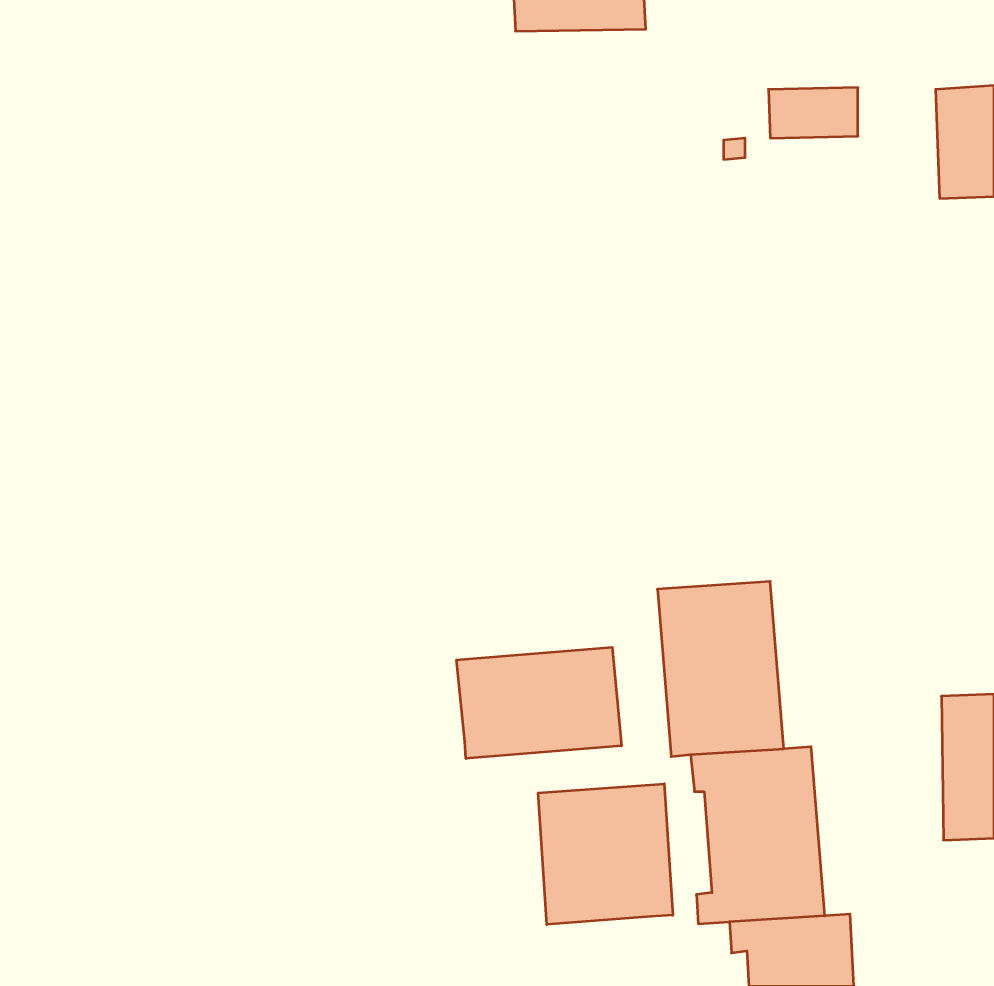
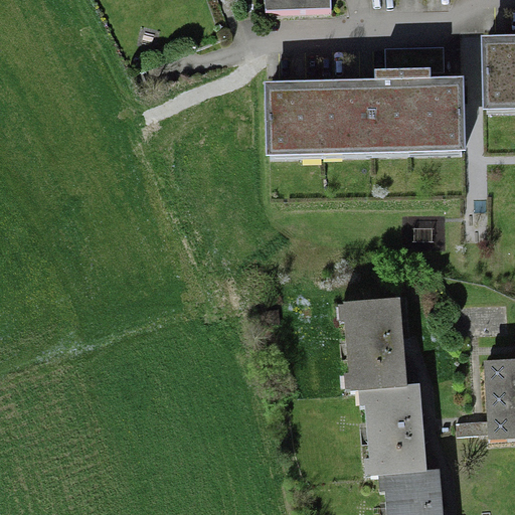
building: none -> [269,85,463,148]
building: [457,647,621,759] -> none
building: [538,784,673,925] -> none

